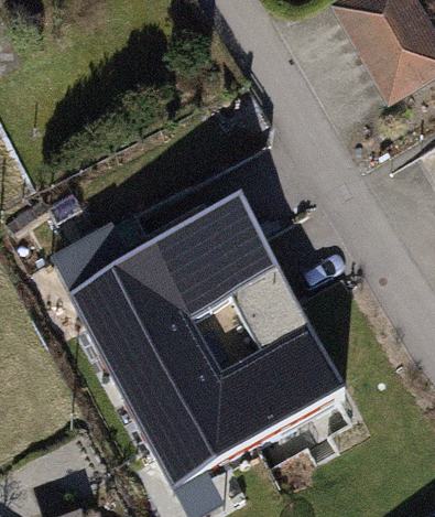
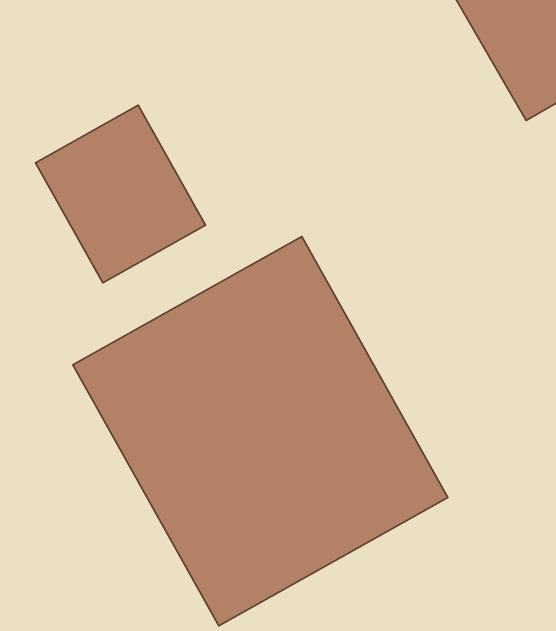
building: none -> [35,105,206,283]

